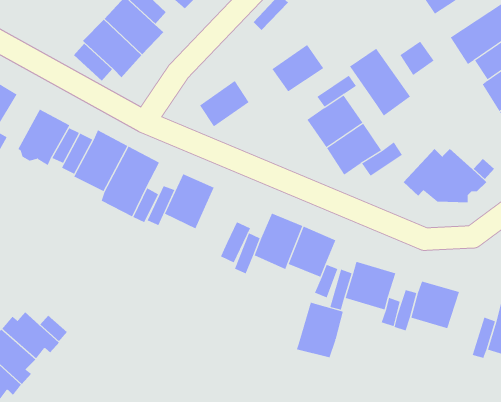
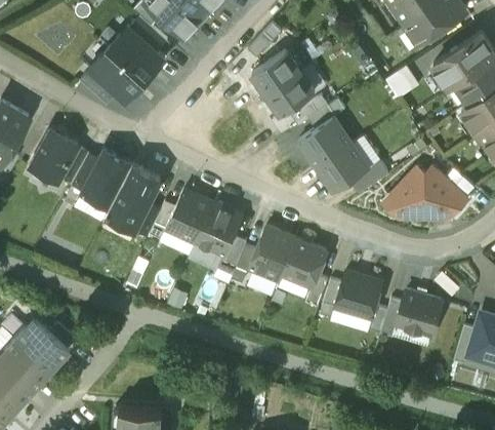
building: [349,48,411,117] -> none
building: [199,80,249,127] -> [252,50,299,94]
building: none -> [195,205,241,257]
building: [296,302,344,358] -> none

